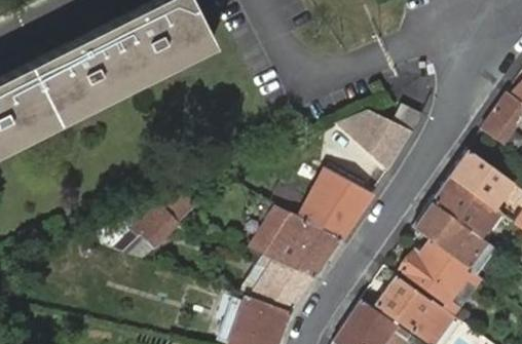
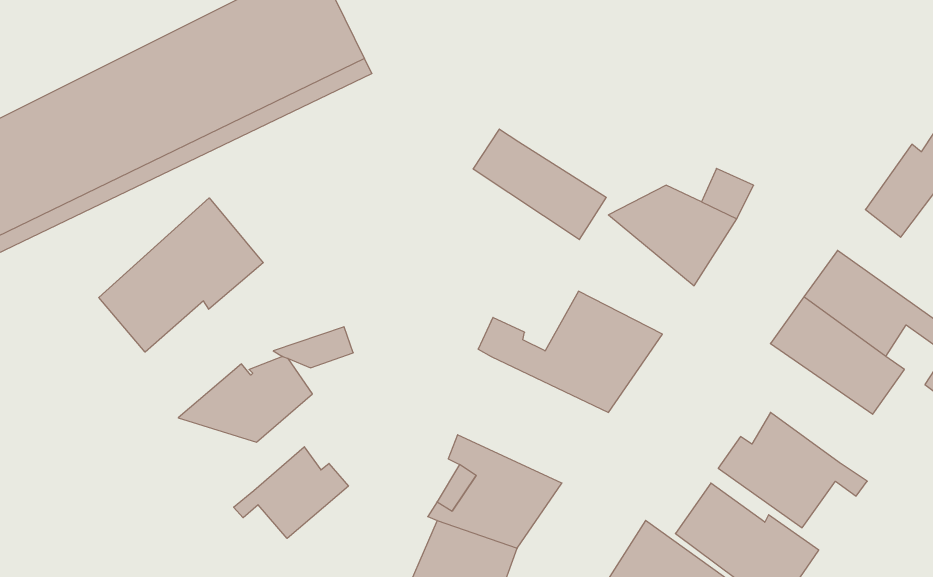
building: none -> [473,129,606,240]
building: none -> [99,198,263,352]
building: [411,201,499,277] -> none
building: [250,208,340,278] -> none
building: none -> [234,447,348,538]

